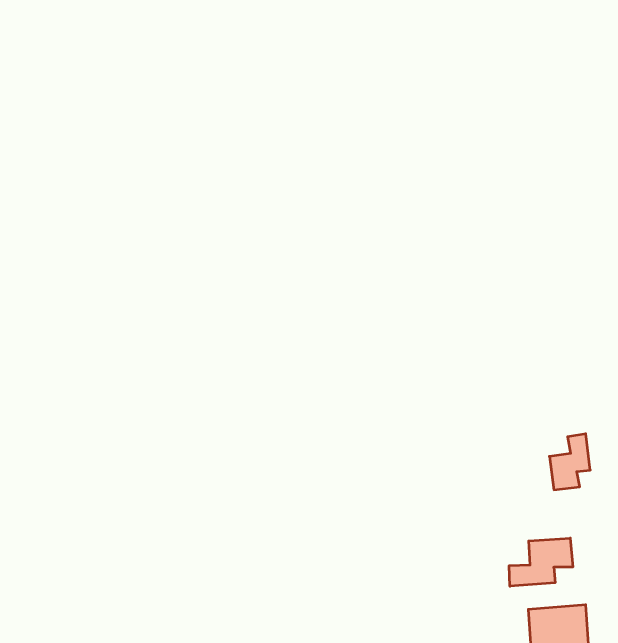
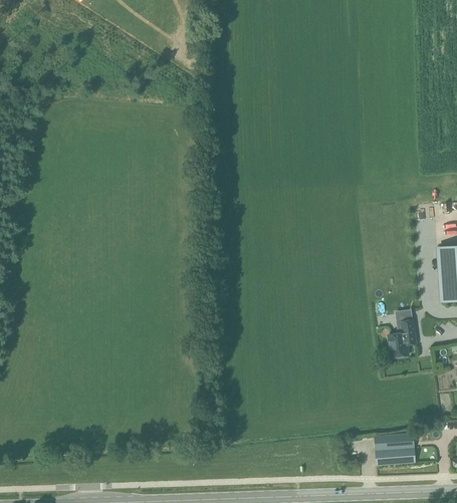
building: [509,538,573,586] -> none

